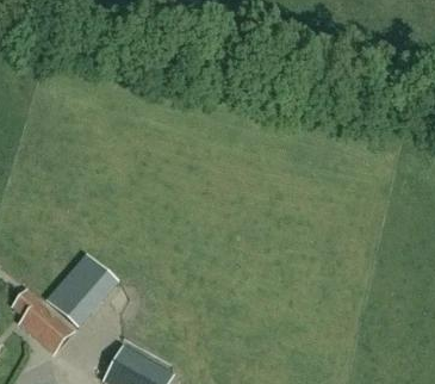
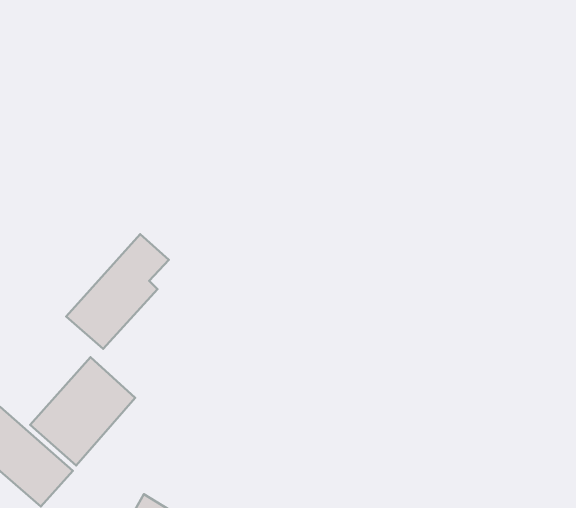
building: none -> [66,234,169,349]

